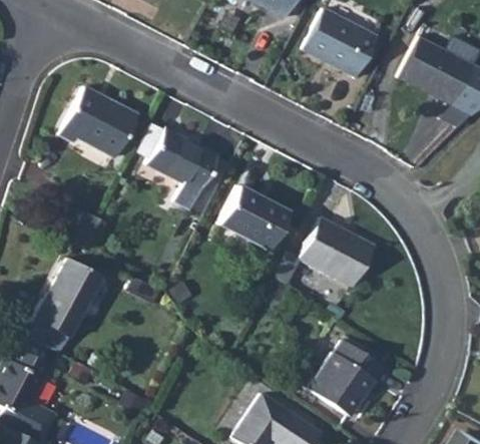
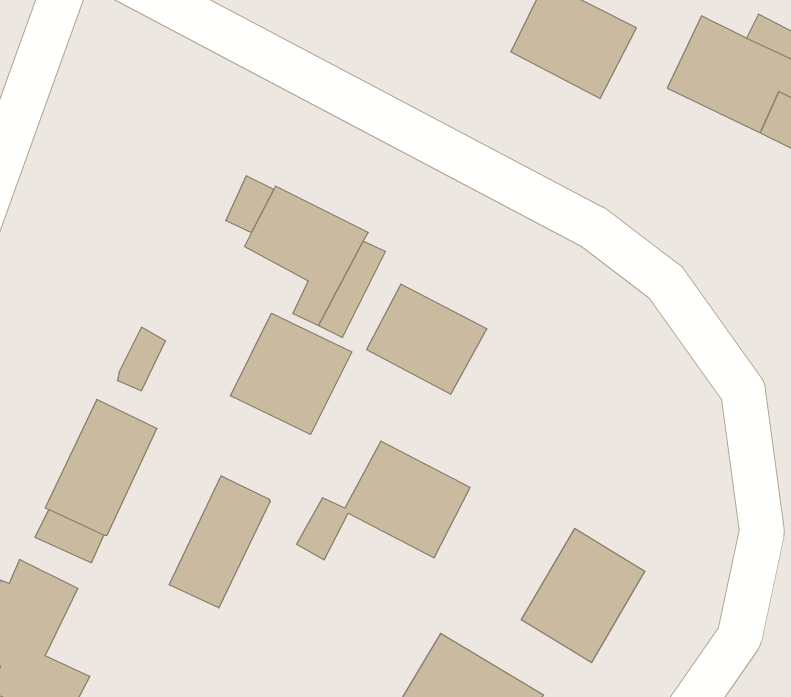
building: [60,86,139,156] -> none
building: none -> [230,313,352,434]
building: [275,218,376,288] -> [297,441,470,560]
building: none -> [169,476,270,608]

